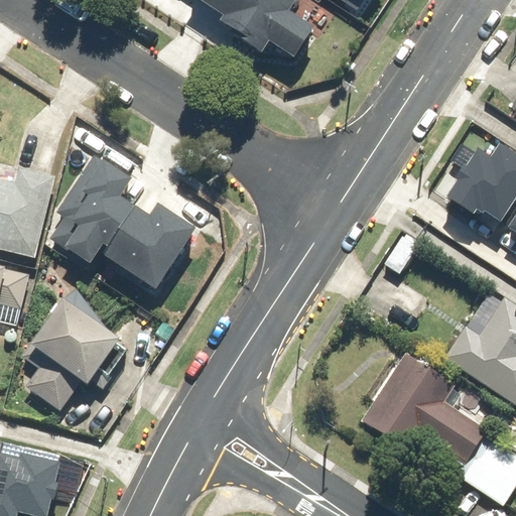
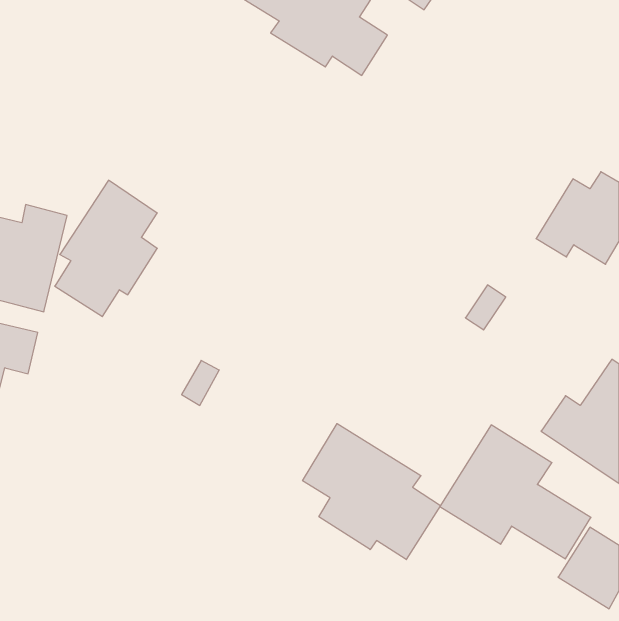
building: [100,206,189,287] -> none
building: [26,297,128,411] -> none
building: none -> [303,424,441,560]
building: [10,450,61,503] -> none

